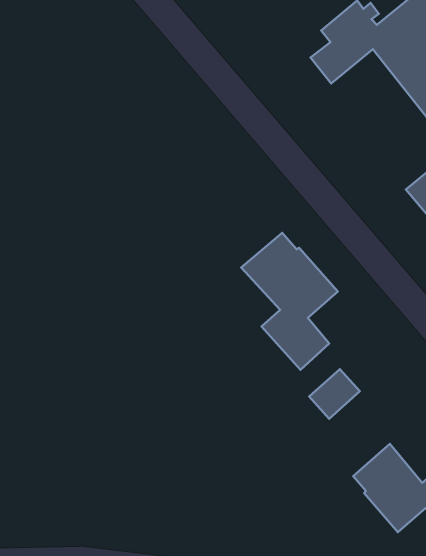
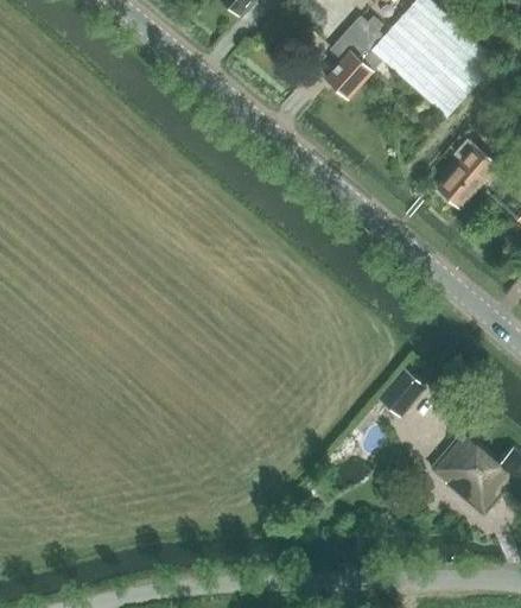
building: [241,233,338,370] -> none

